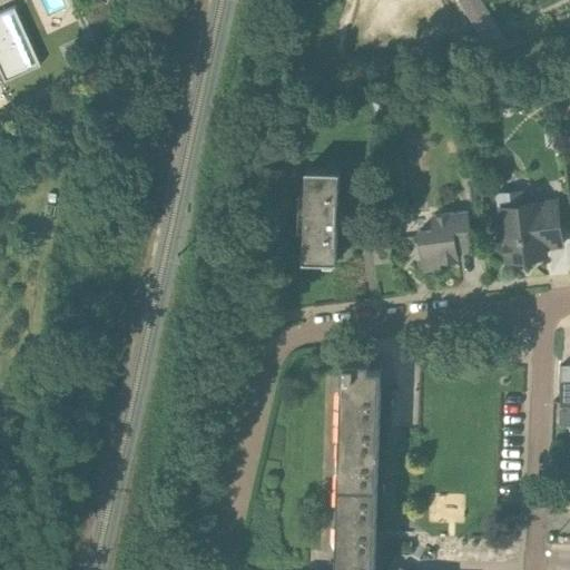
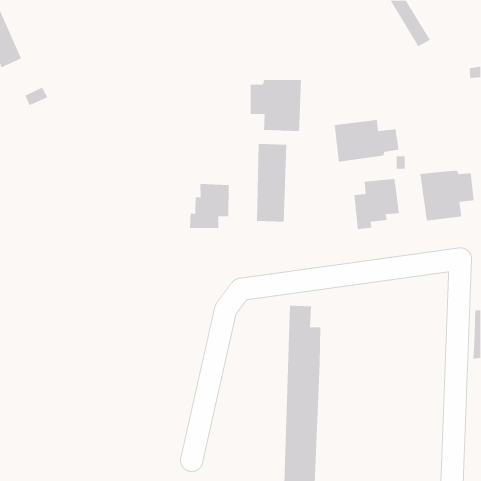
building: none -> [250,79,301,132]
building: none -> [334,119,399,163]
building: none -> [190,183,229,229]

